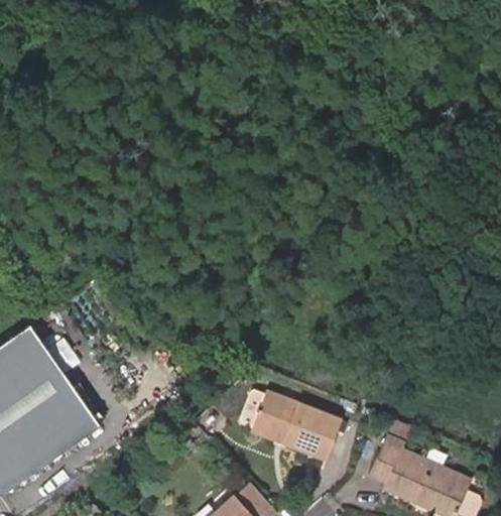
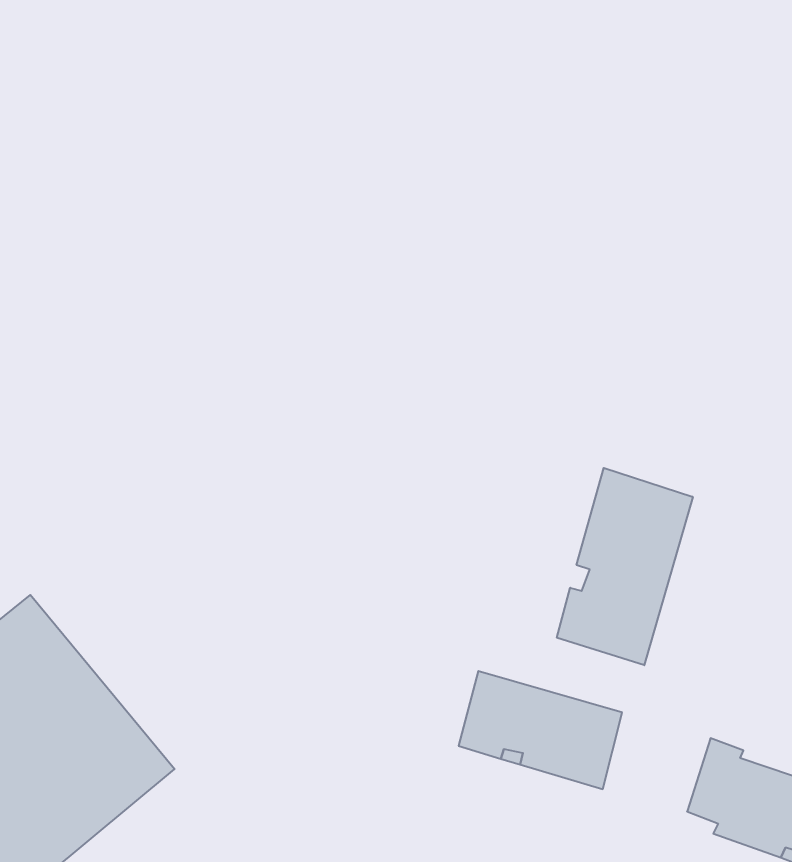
building: none -> [557,468,693,665]

